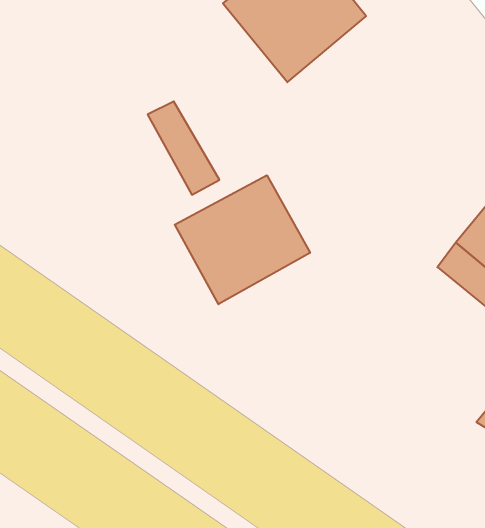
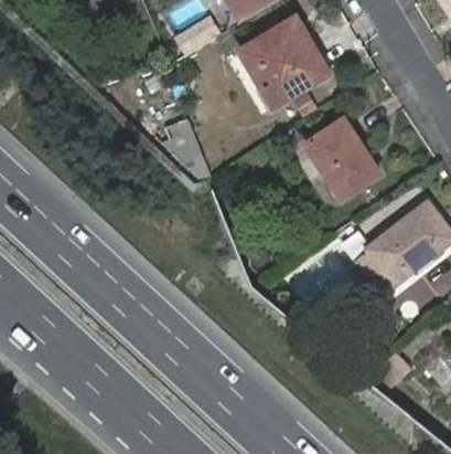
building: none -> [304,119,380,200]
building: [175,175,310,304] -> none

